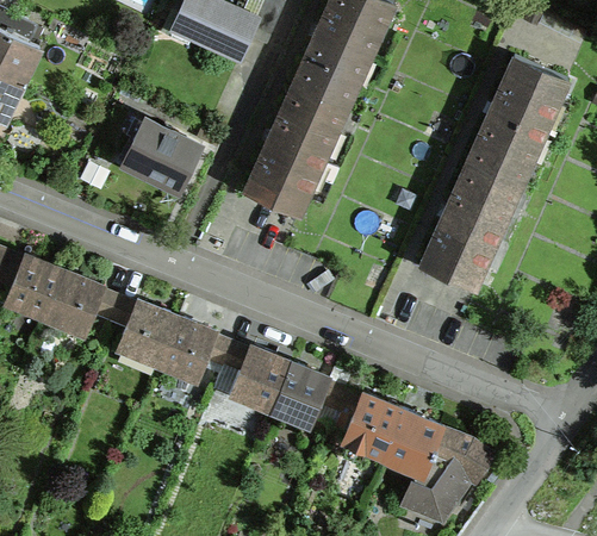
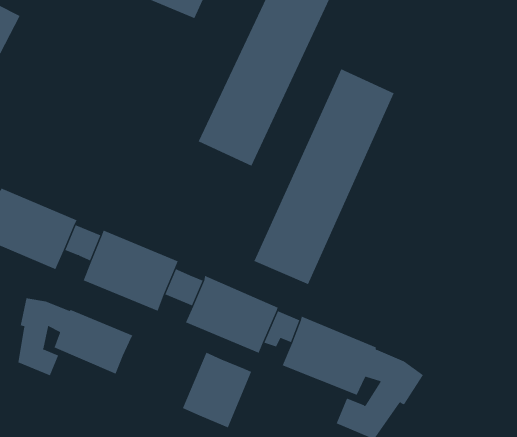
building: [417,56,573,295] -> [254,68,395,285]
building: [118,119,204,200] -> none
building: none -> [18,297,133,376]
building: none -> [182,352,252,428]

